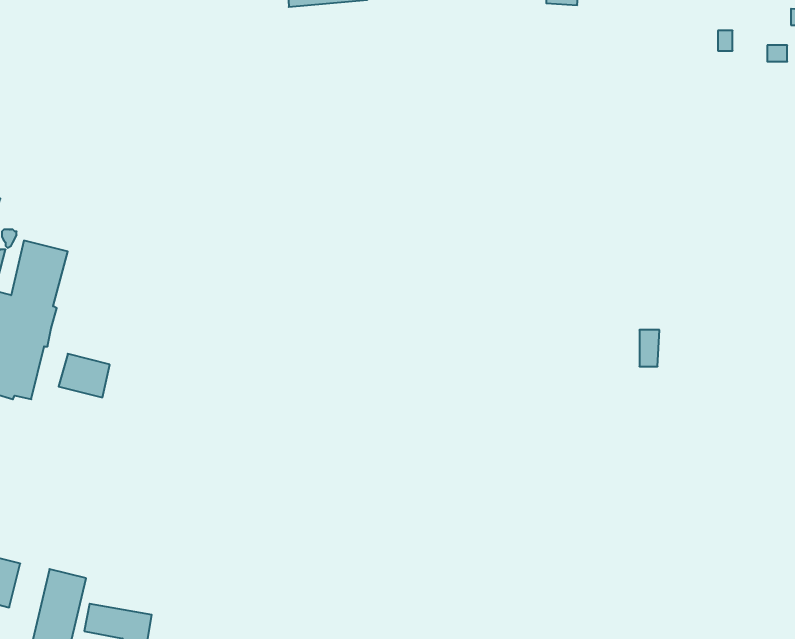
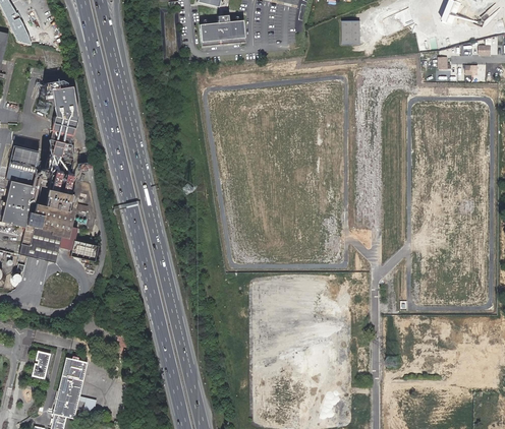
building: none -> [44,80,77,168]

